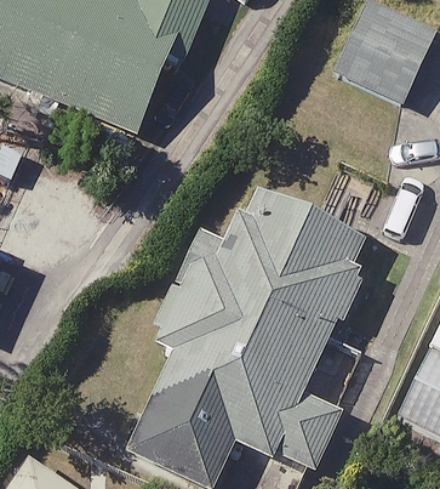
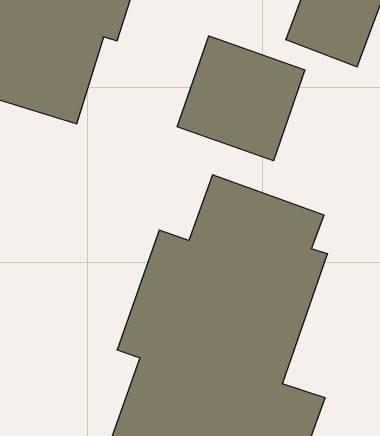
building: none -> [177,36,305,161]

